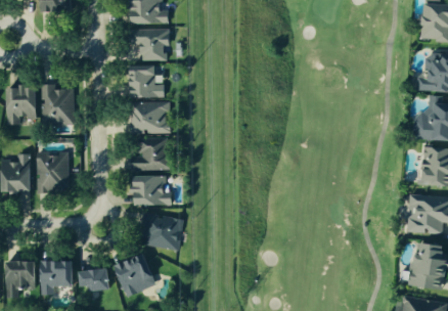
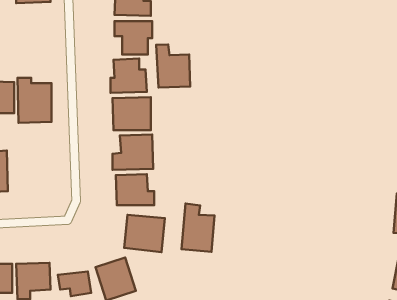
building: none -> [156,44,190,87]
building: [36,151,68,192] -> none
building: none -> [181,203,215,252]

